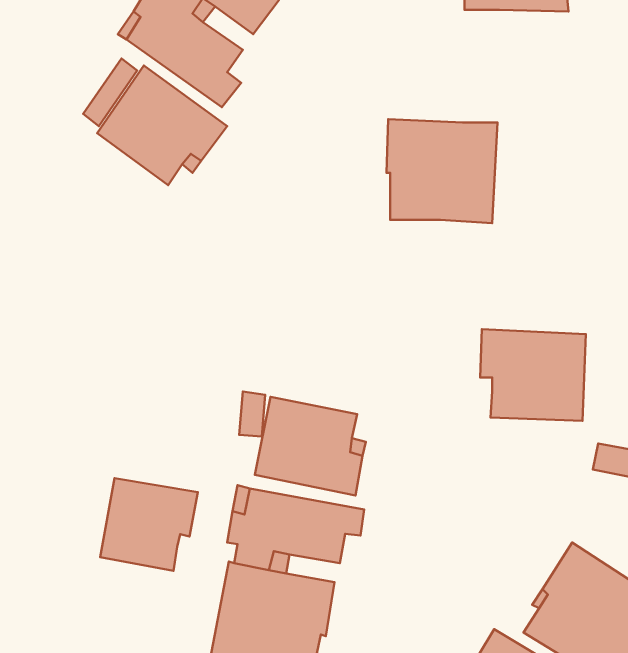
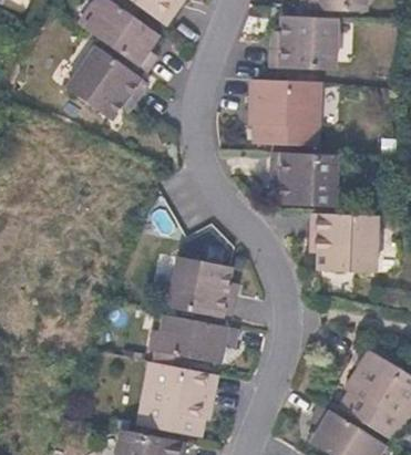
building: none -> [270,15,338,69]
building: none -> [270,152,338,205]
building: [100,478,198,571] -> none

